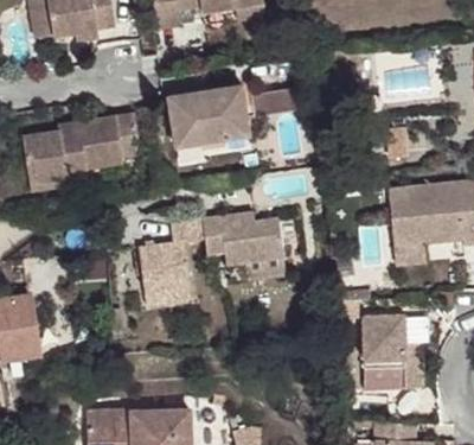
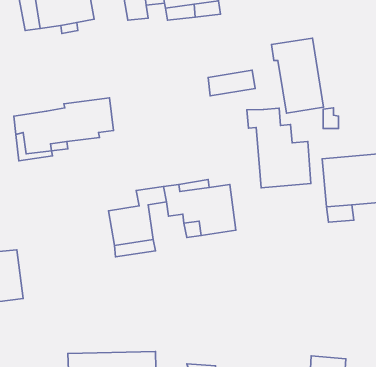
building: none -> [271,38,323,113]
building: [165,87,244,146] -> none
building: none -> [247,108,311,188]
building: [361,311,427,384] -> none

